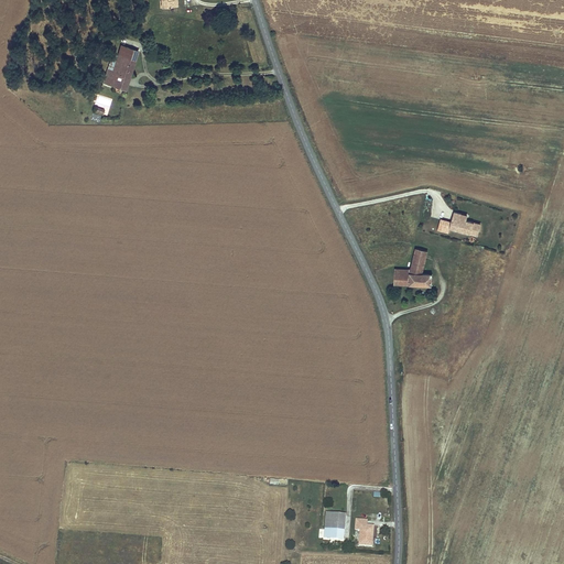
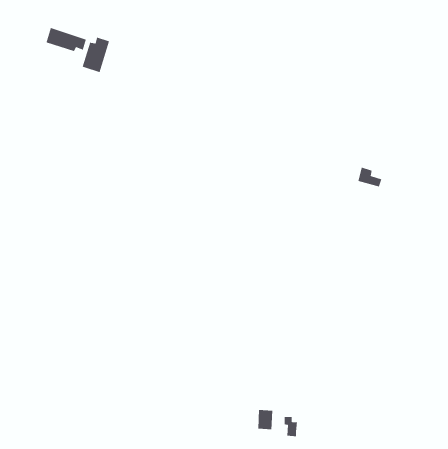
building: none -> [46,27,87,52]
building: [393,248,432,286] -> none

